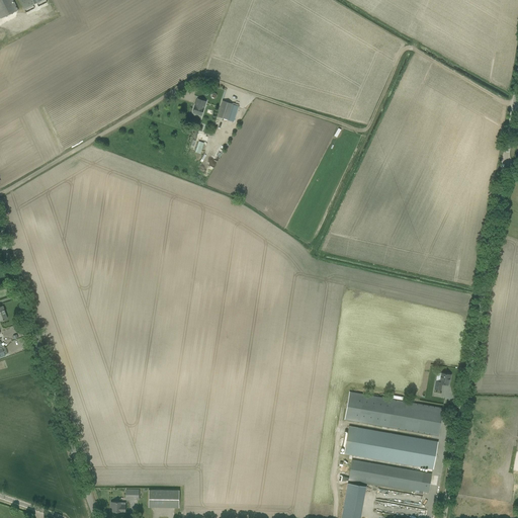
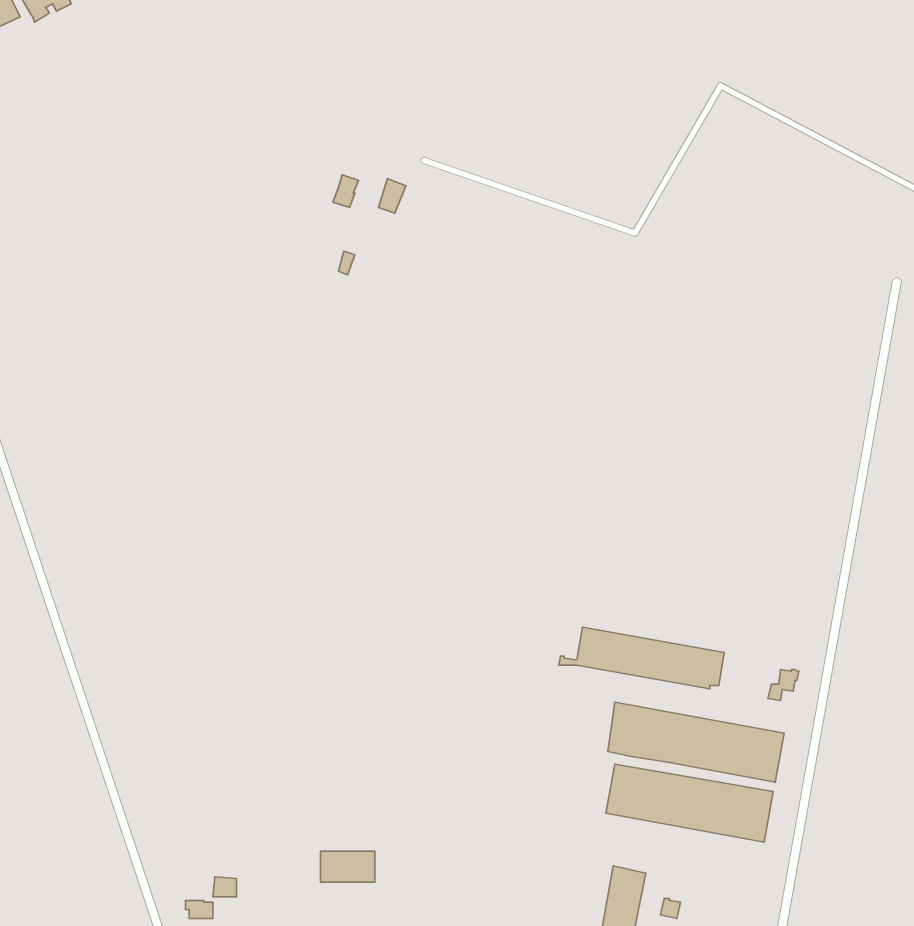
building: [339,459,431,494] -> [559,627,724,689]
building: [149,490,179,507] -> [320,851,375,882]

